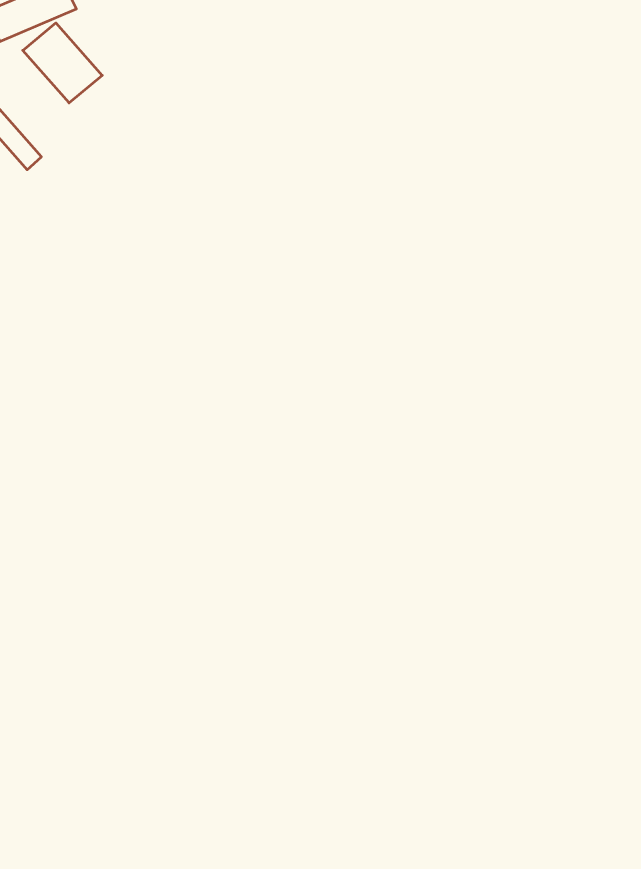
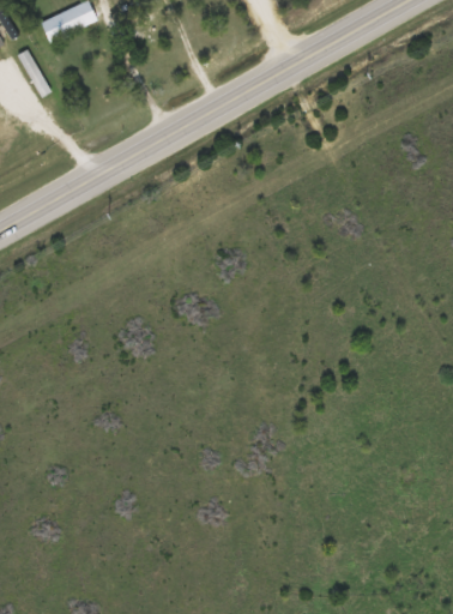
building: [23,23,102,103] -> none

